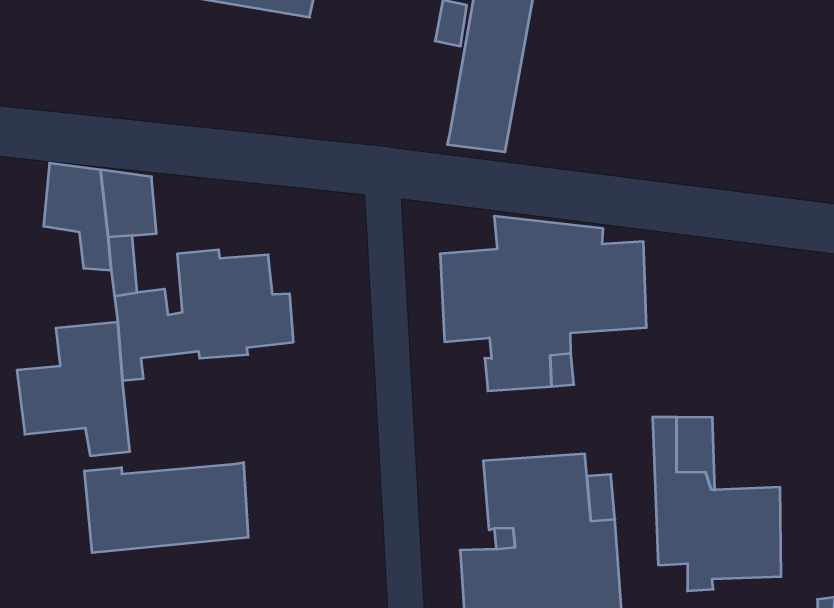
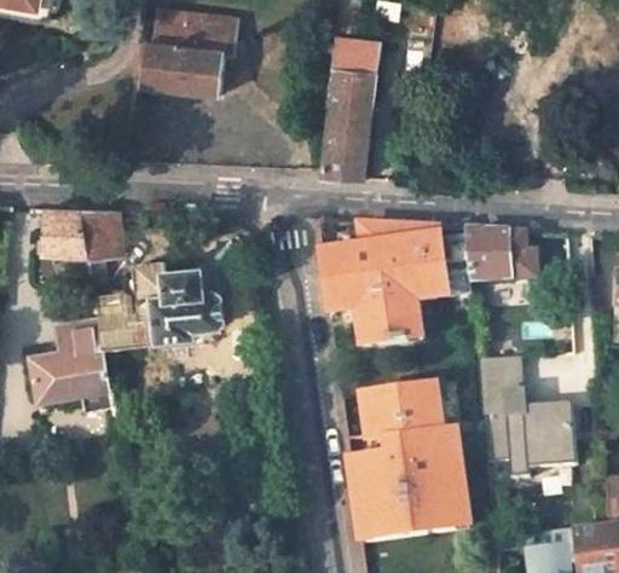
building: none -> [465,230,536,283]
building: [85,462,248,553] -> none

